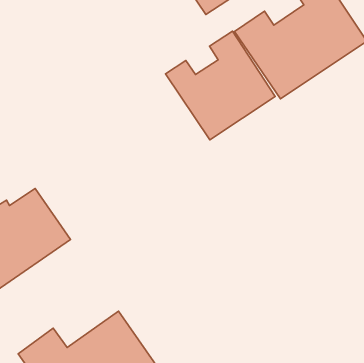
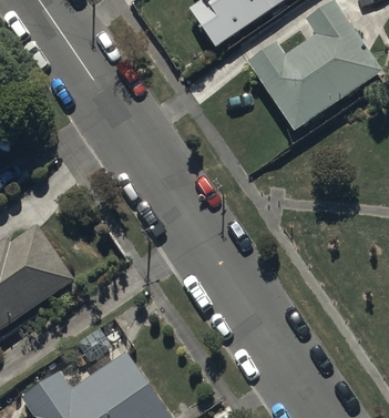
building: [165,31,275,140] -> none

